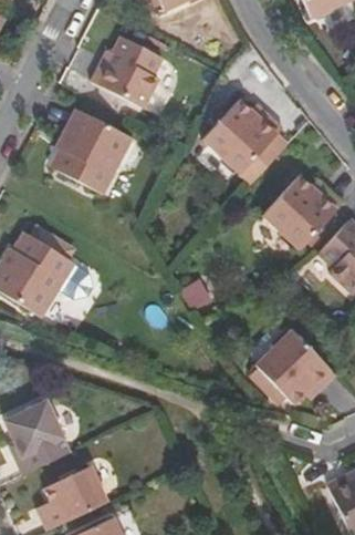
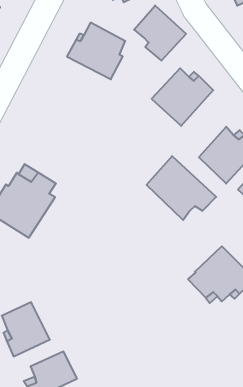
building: none -> [134,5,186,61]
building: [52,111,133,196] -> none
building: none -> [147,156,216,220]

